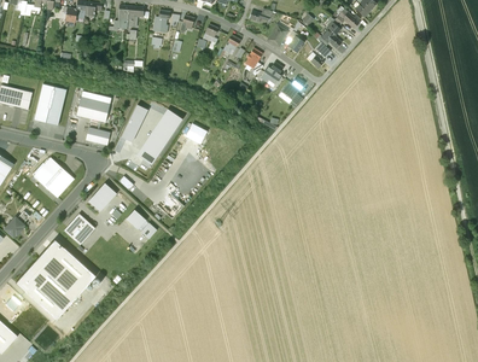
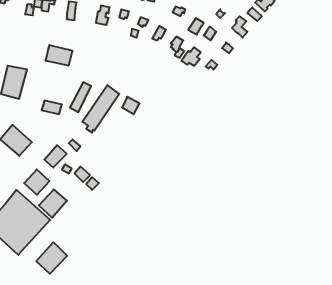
building: [75,97,109,122] -> [45,45,73,66]
building: none -> [39,189,67,218]
building: none -> [36,242,67,274]

